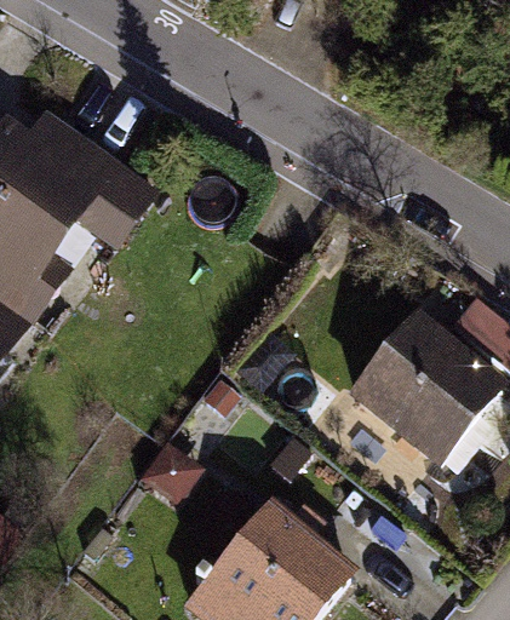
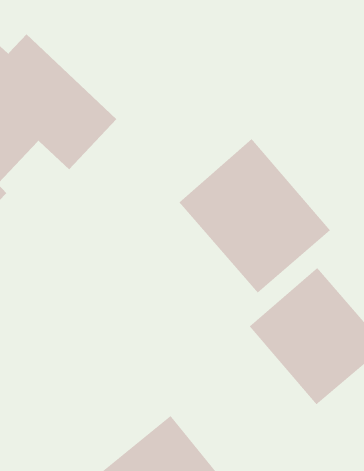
building: none -> [179,138,331,293]

